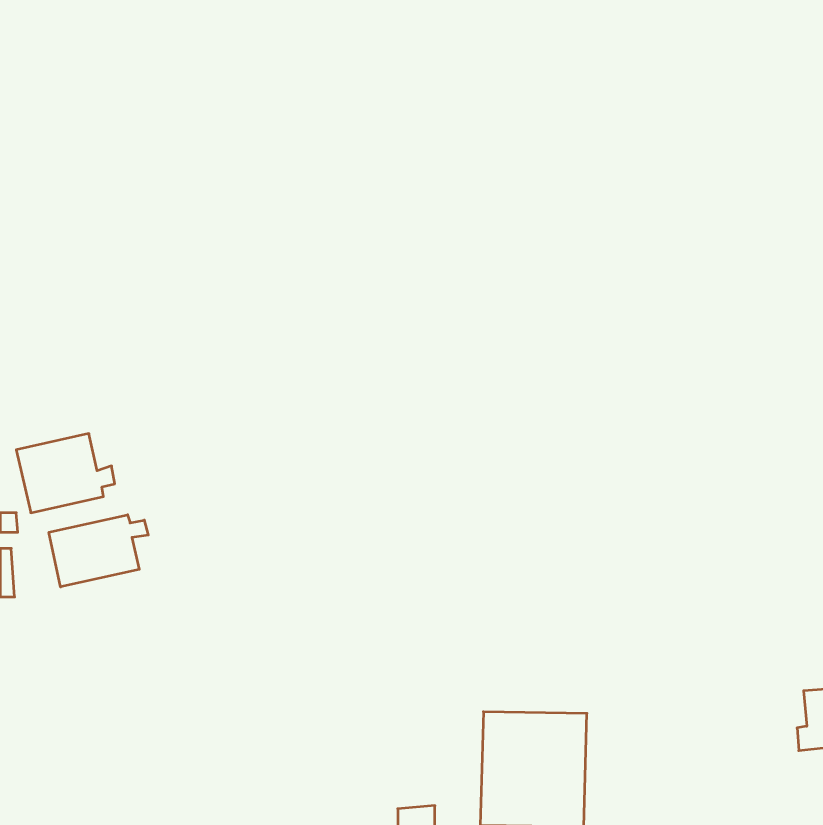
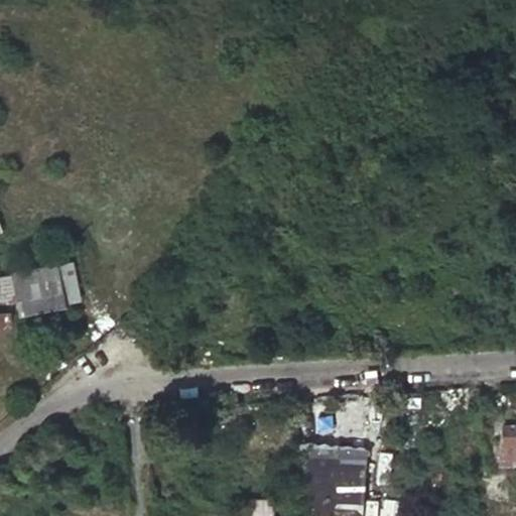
building: [49,515,148,587] -> none

